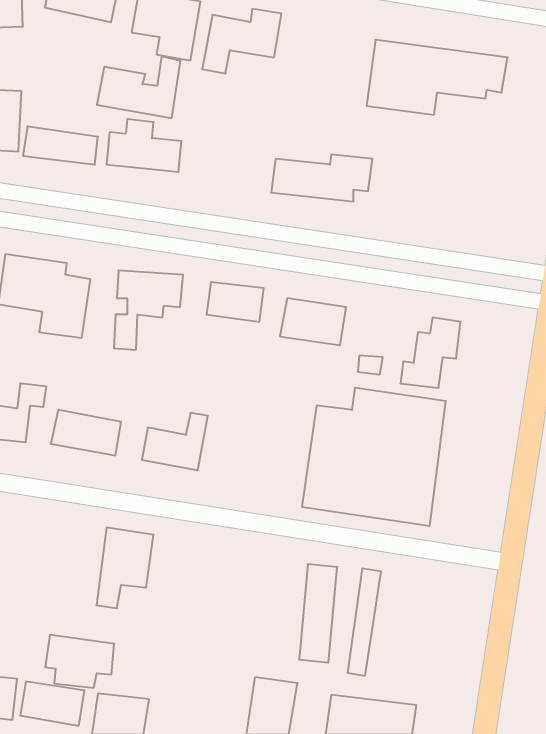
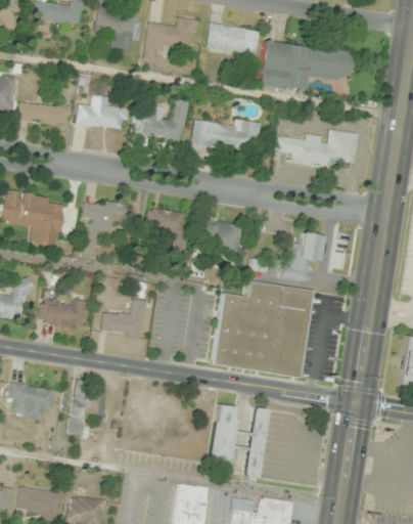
building: none -> [205,23,260,57]
building: [97,56,181,118] -> [130,99,188,142]
building: none -> [275,129,359,168]
building: [45,635,114,688] -> [7,382,55,419]

